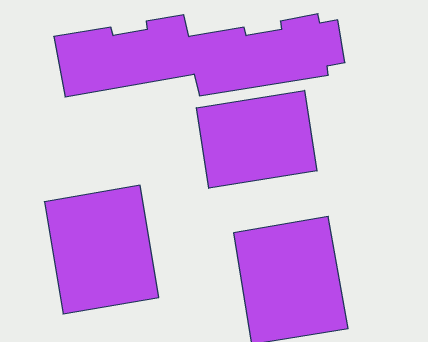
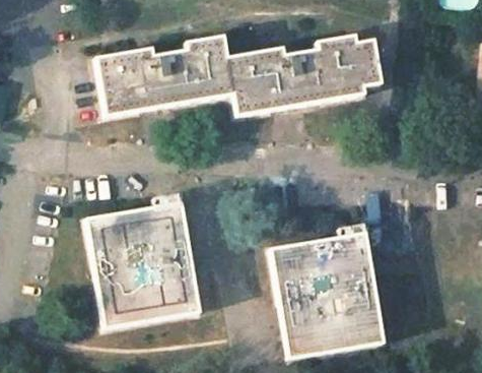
building: [196,90,317,188] -> none

